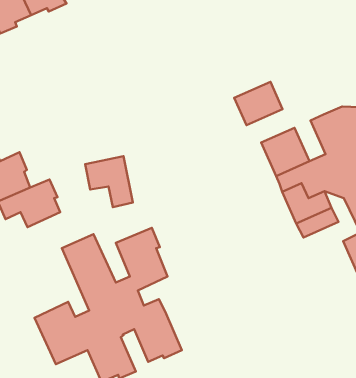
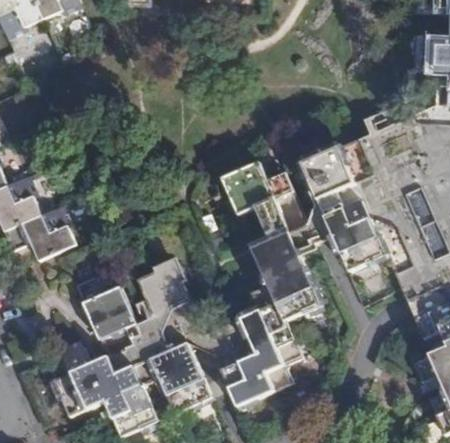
building: [234,82,283,125] -> none
building: none -> [221,160,322,405]
building: [85,156,133,207] -> none

